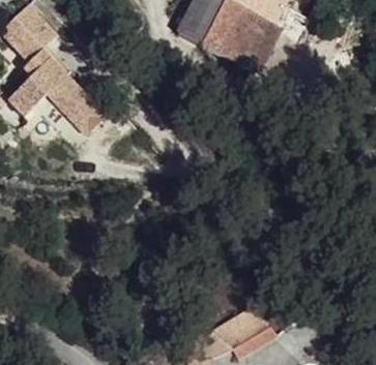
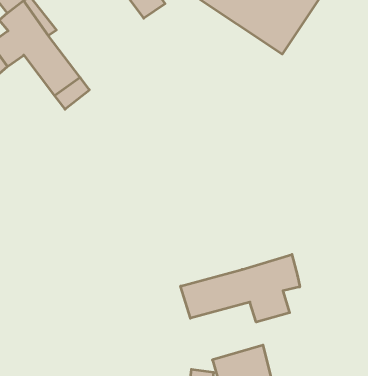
building: none -> [181,254,300,322]

